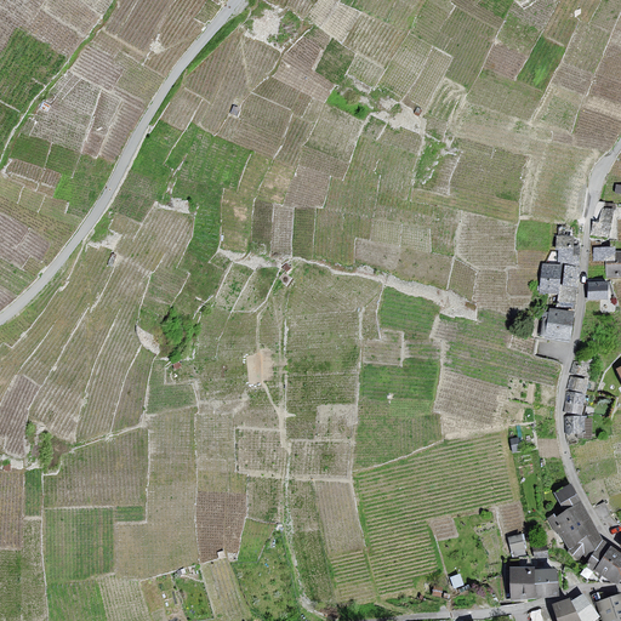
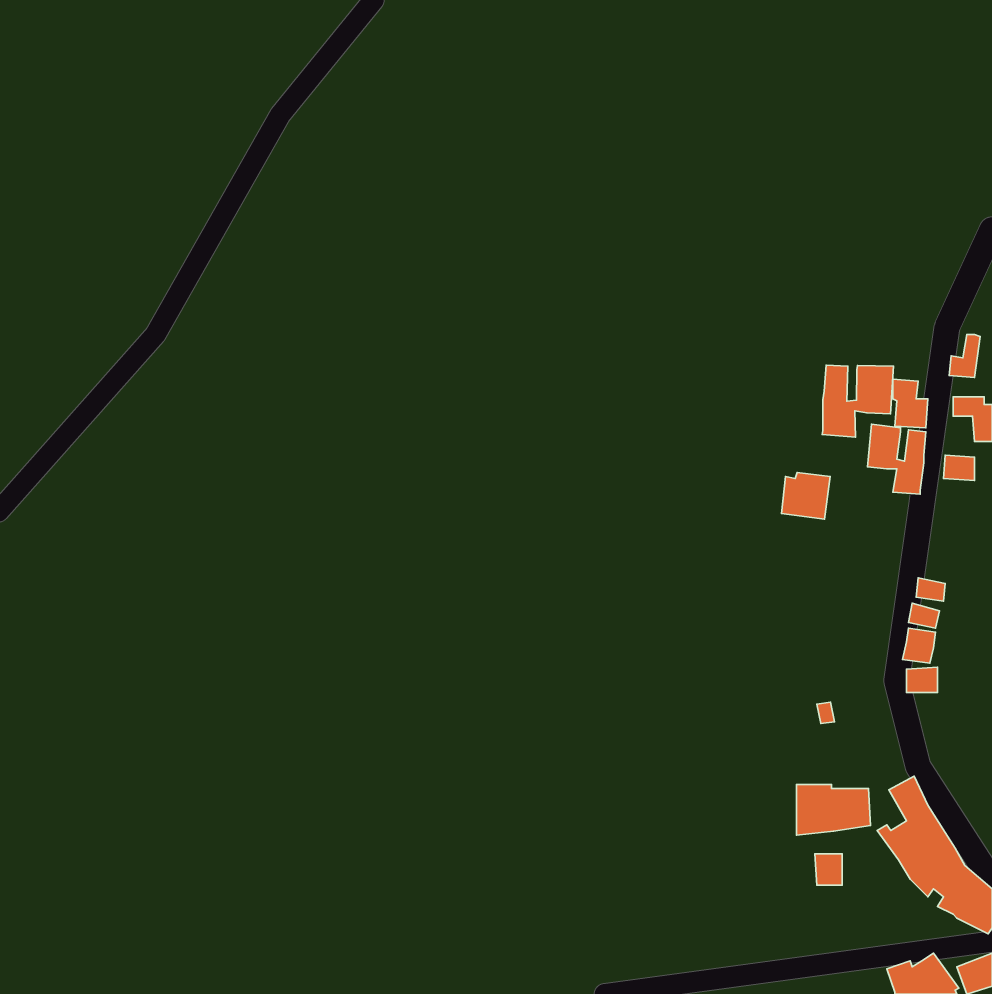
building: none -> [822,365,894,437]
building: [541,310,571,340] -> [782,473,830,519]
building: [511,568,557,599] -> [796,785,870,835]

